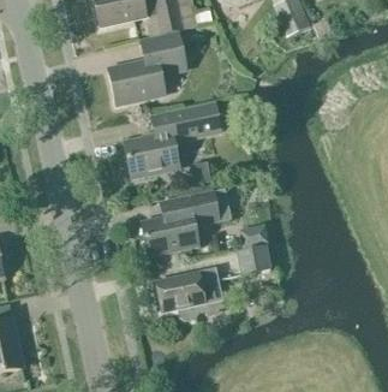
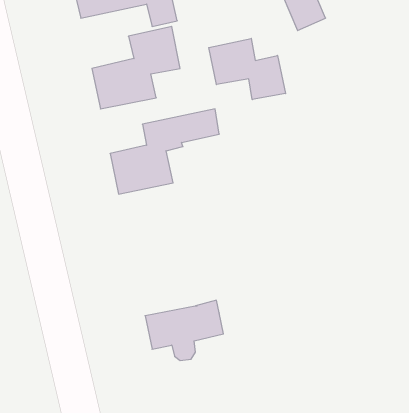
building: none -> [209,38,286,100]
building: [142,186,231,255] -> none
building: [233,243,267,273] -> none

